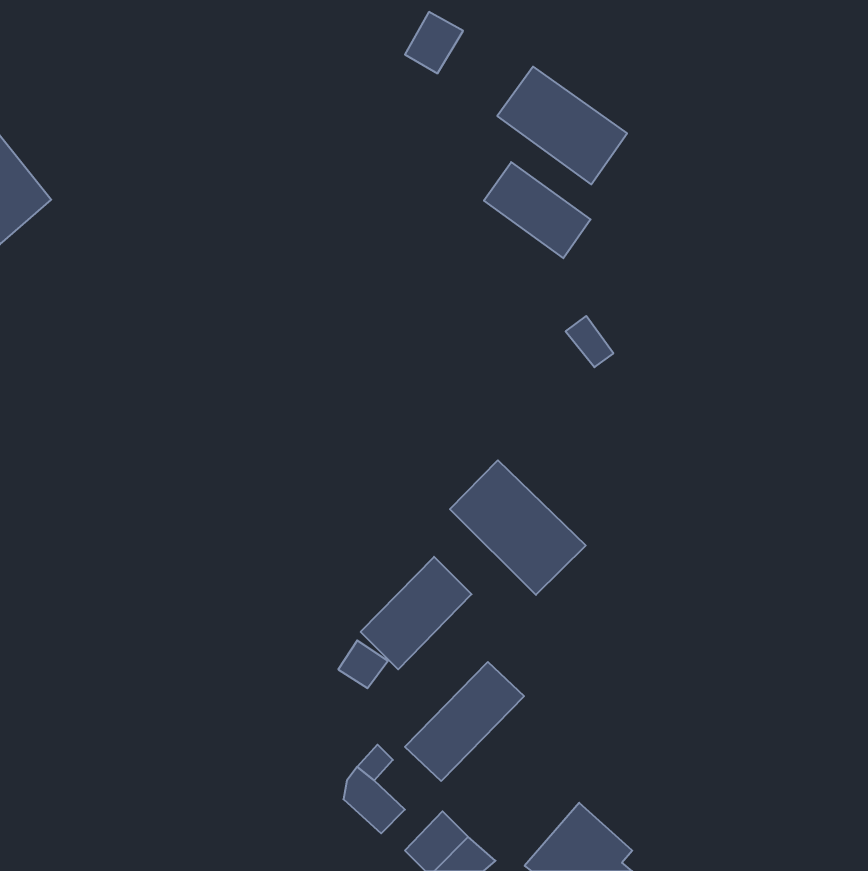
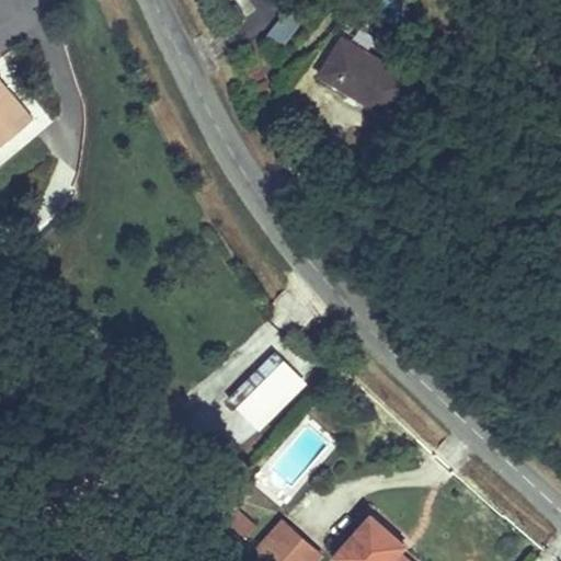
building: [484,162,591,258] -> none
building: [450,460,586,595] -> none
building: [405,662,524,781] -> none

